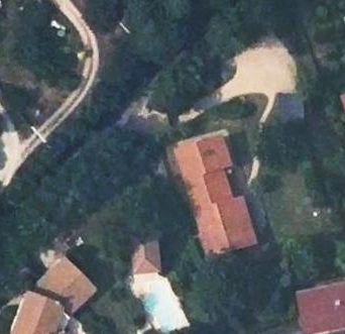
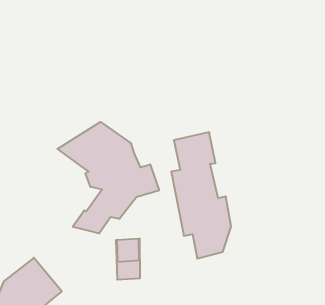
building: none -> [57,122,159,234]

